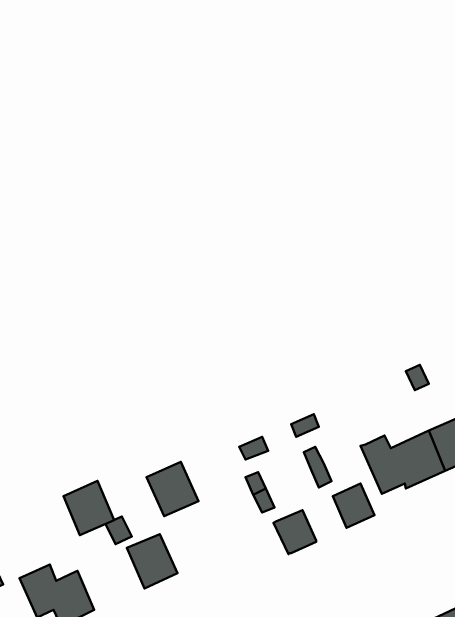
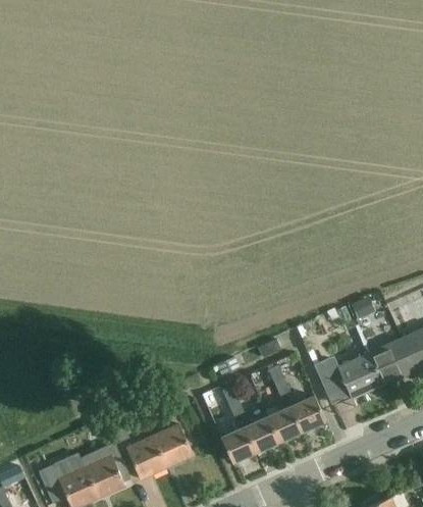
building: [147,462,198,516] -> [153,423,195,467]
building: [64,481,114,535] -> [87,453,127,497]
building: none -> [268,405,304,442]
building: none -> [221,426,257,462]

